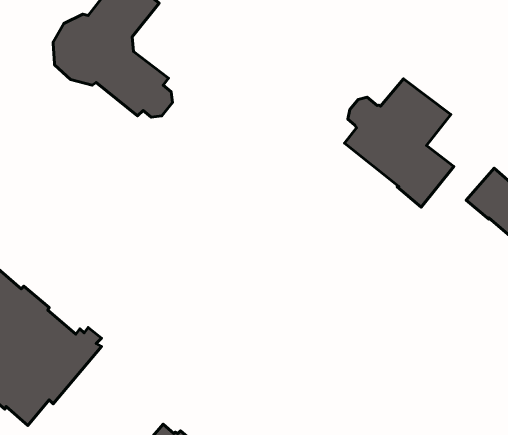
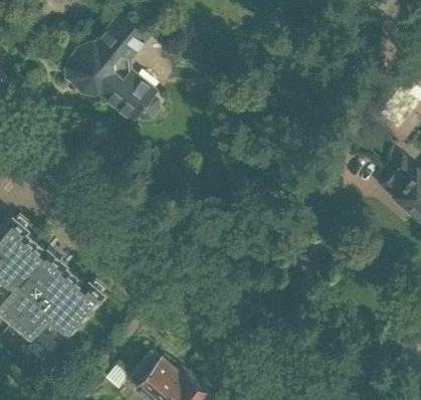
building: [344,79,454,207] -> none

